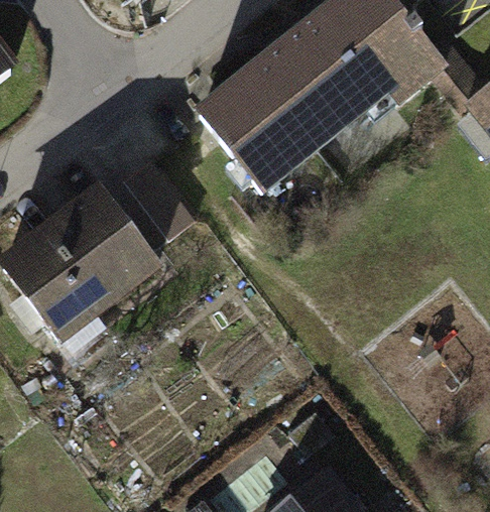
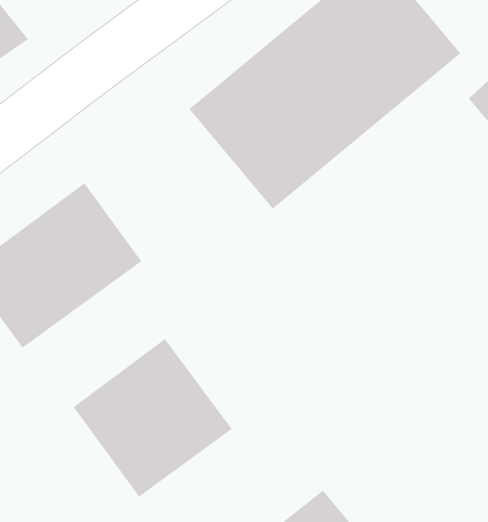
building: none -> [73,338,233,497]

